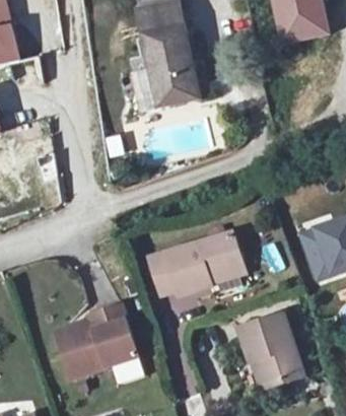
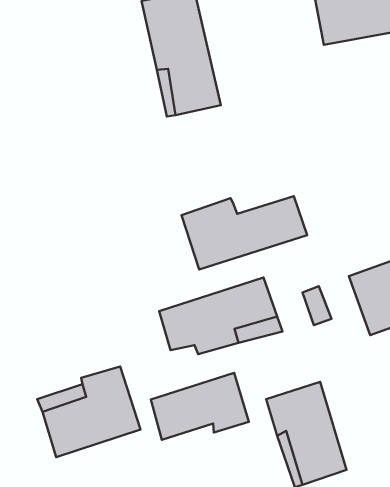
building: none -> [182,196,307,270]
building: none -> [151,373,249,440]

